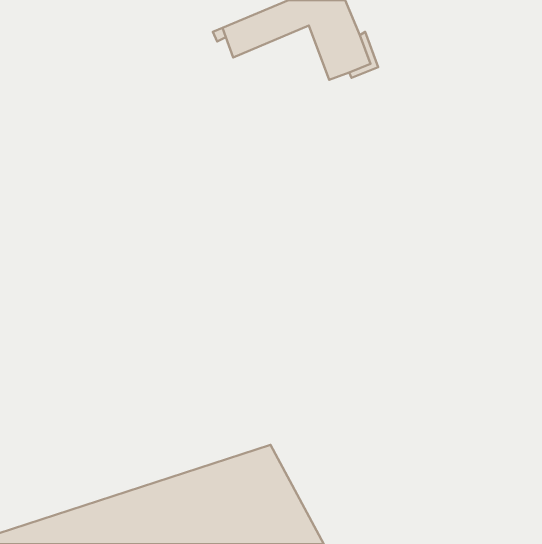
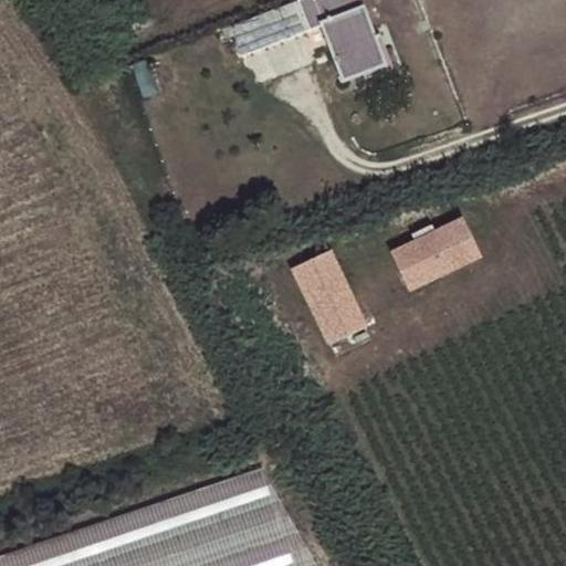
building: none -> [388,216,483,293]
building: none -> [287,250,364,345]

